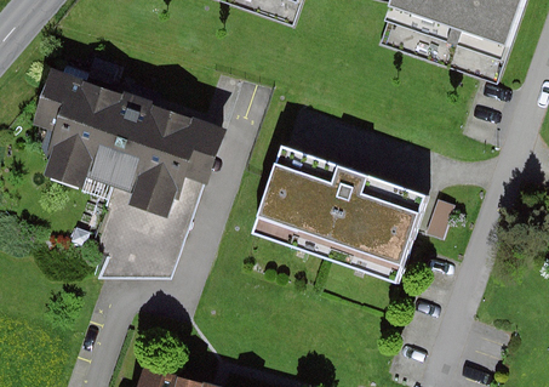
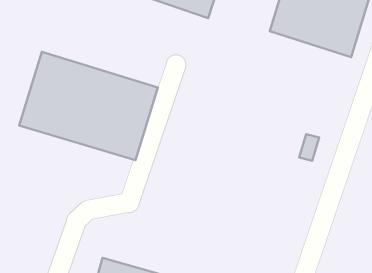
building: [256,144,425,279] -> none

